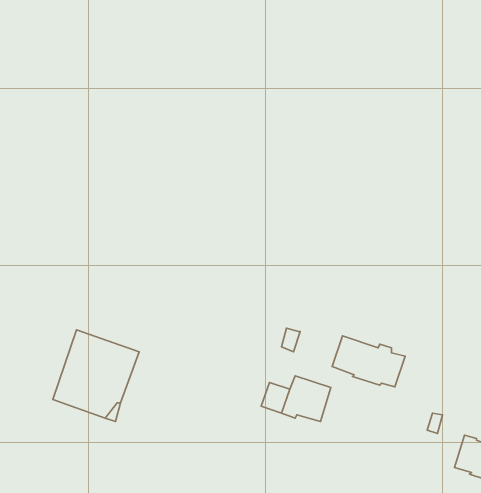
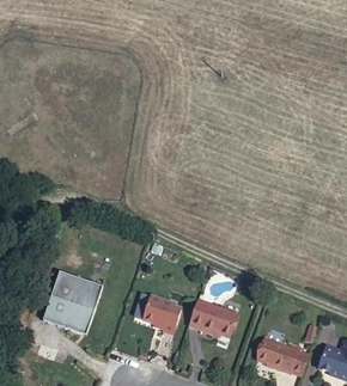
building: [332,336,405,387] -> [256,337,308,373]
building: none -> [141,292,179,330]

